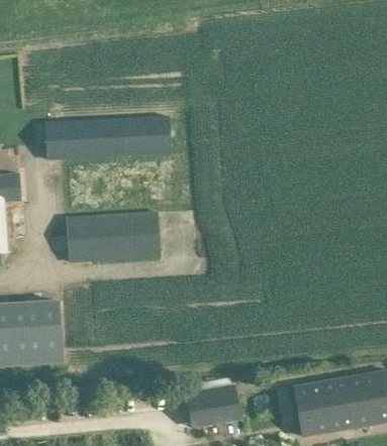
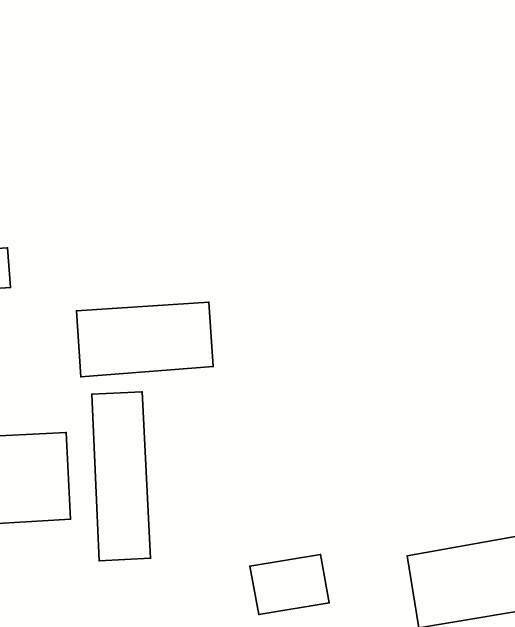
building: [45,117,172,160] -> none
building: none -> [92,392,151,561]

